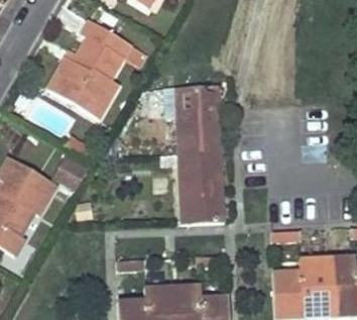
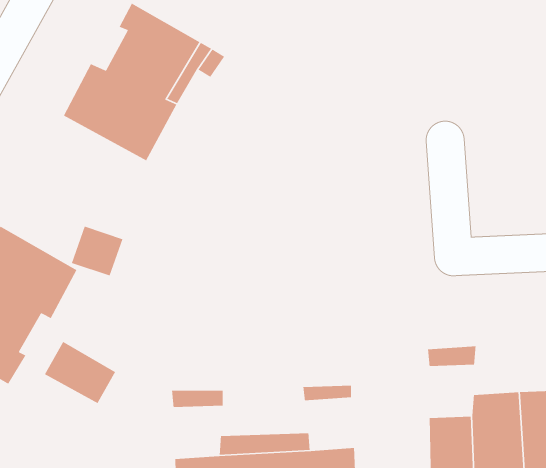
building: [161,84,224,221] -> none
building: none -> [44,341,116,404]

